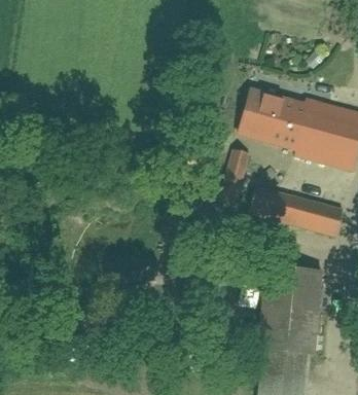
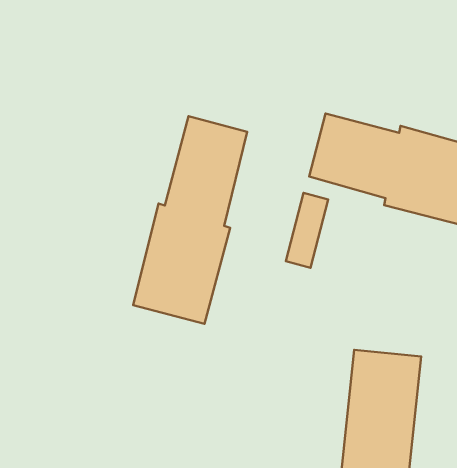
building: none -> [133,116,247,324]
building: [247,185,342,237] -> none

